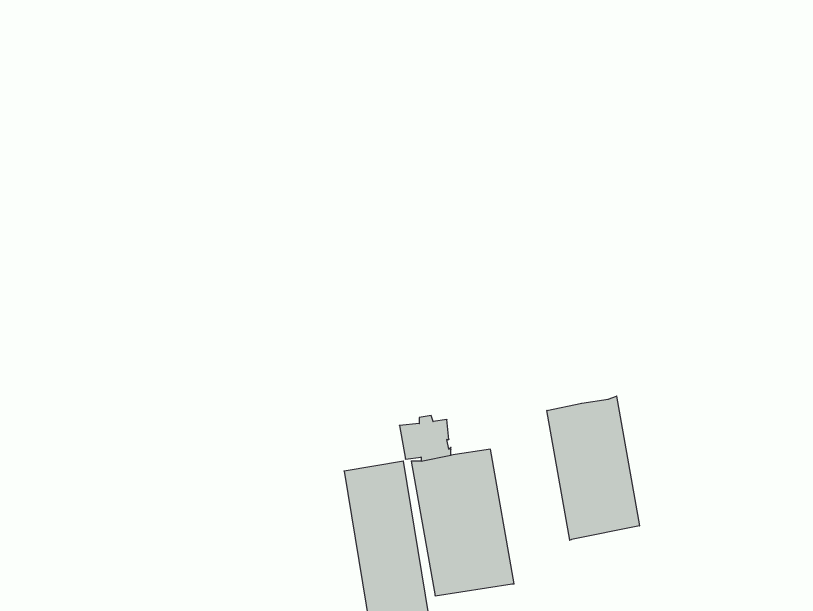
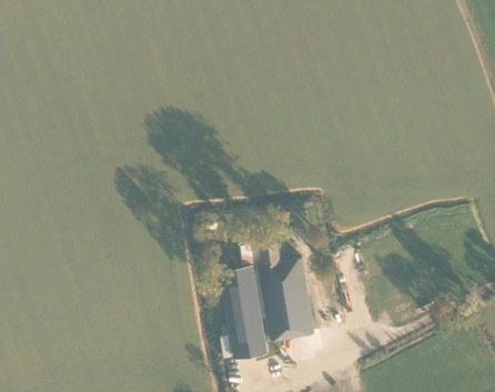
building: [547,396,639,540] -> none

